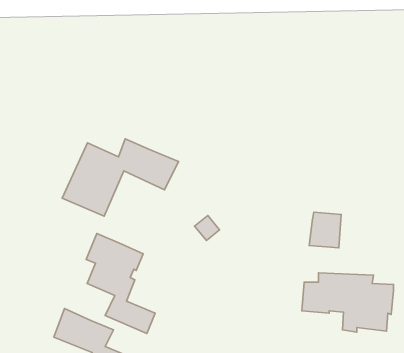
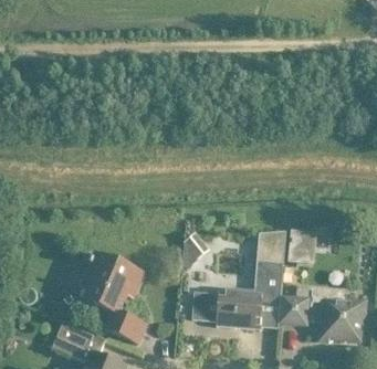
building: [62,139,179,216] -> none
building: none -> [193,233,286,329]

